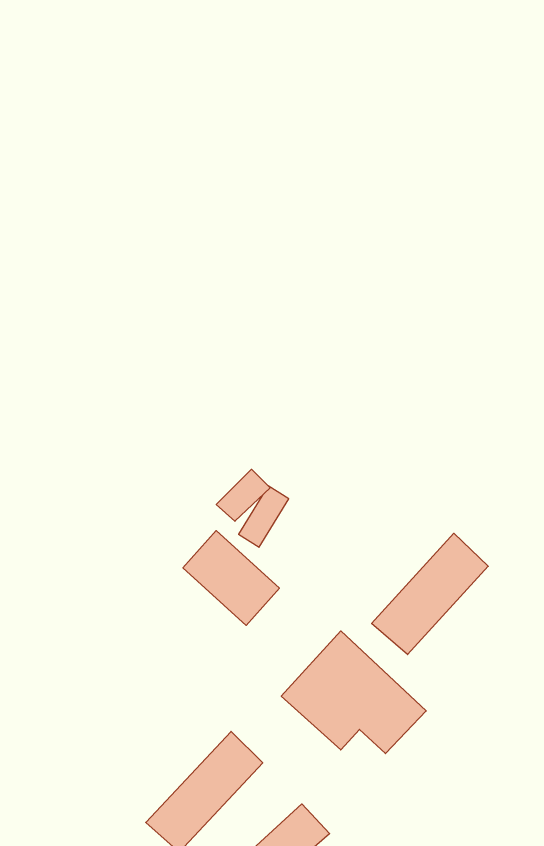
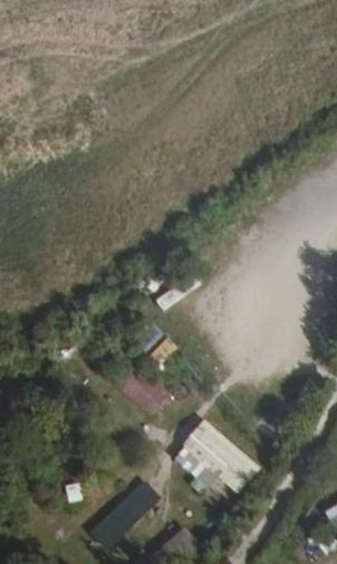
building: [372,533,488,655] -> none

